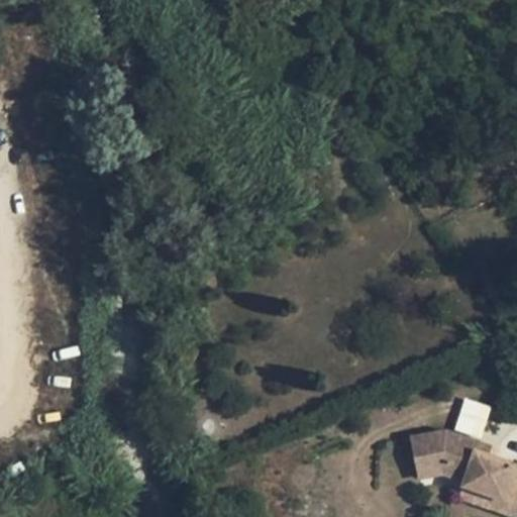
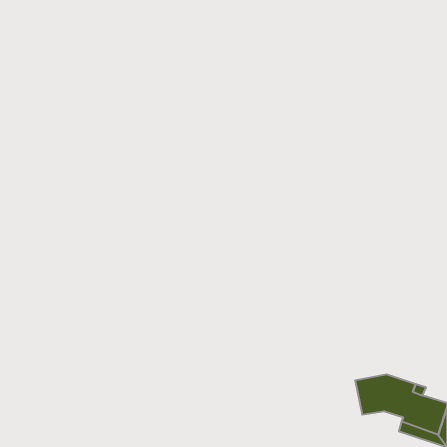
building: [454,398,490,437] -> none

